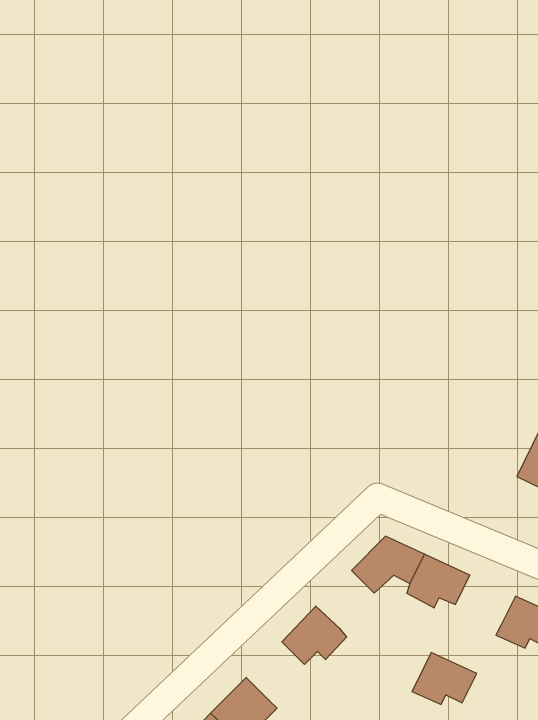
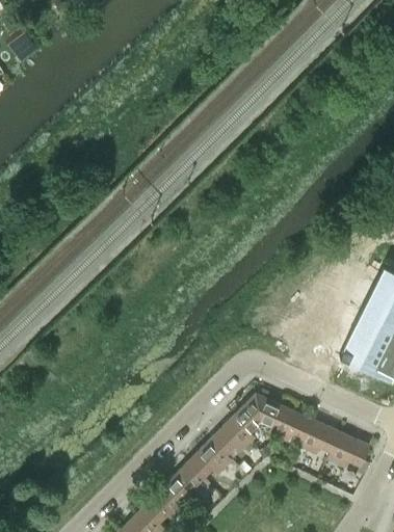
building: none -> [212,417,255,454]
building: none -> [167,462,210,500]
building: [412,653,477,704] -> [298,420,340,453]

